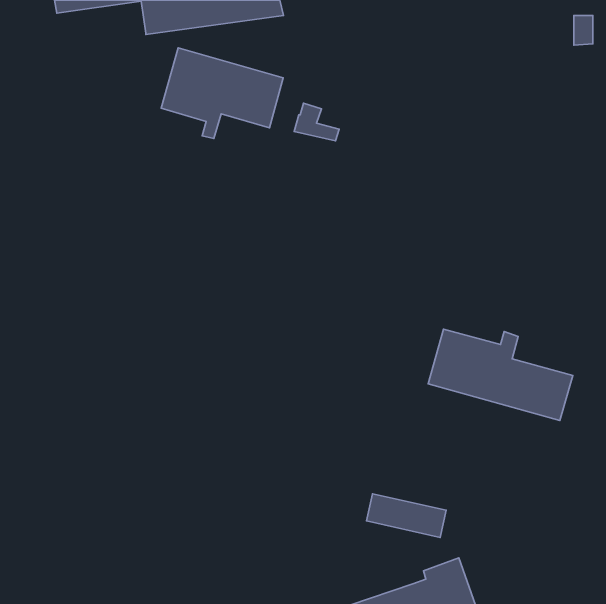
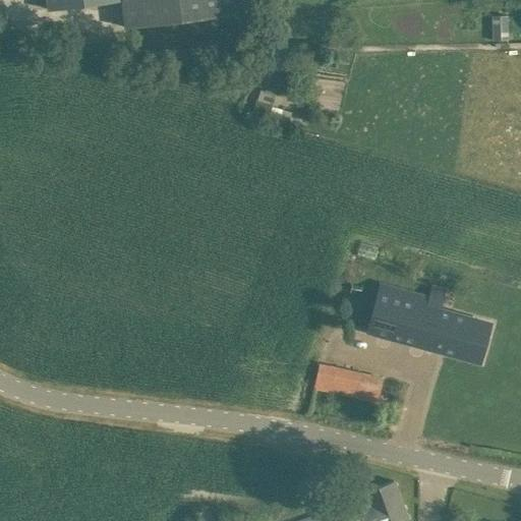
building: [161,48,283,138] -> none
building: [367,494,446,537] -> [314,364,383,402]

